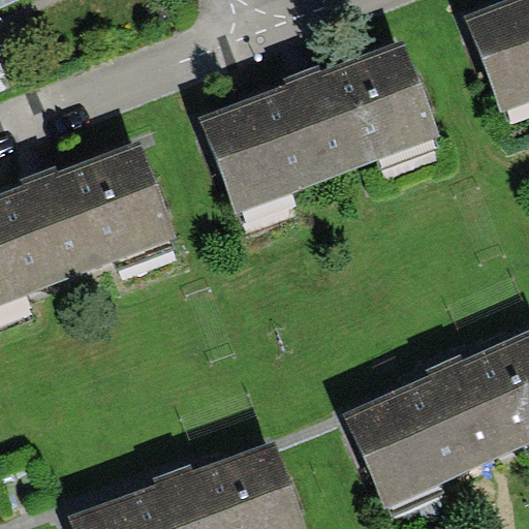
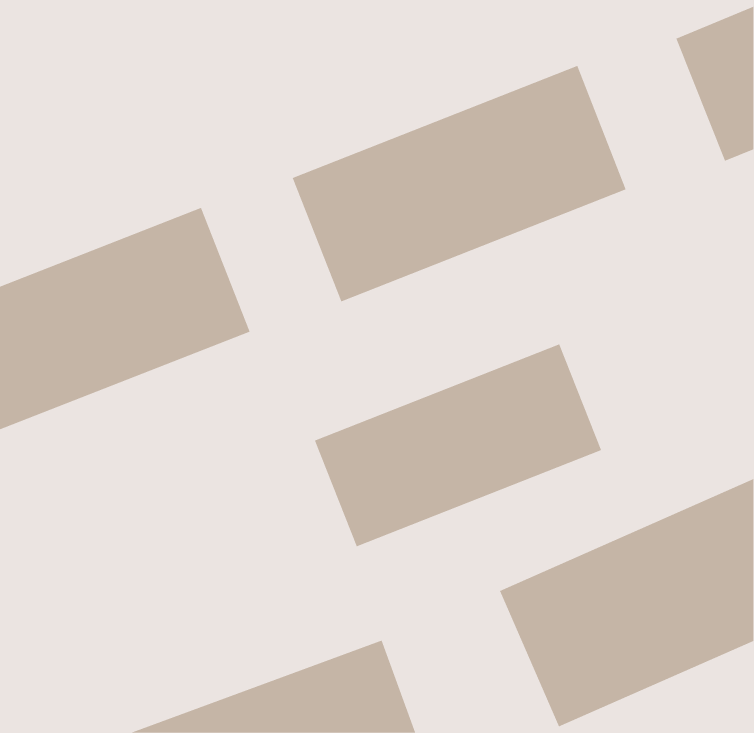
building: none -> [314,344,602,547]

